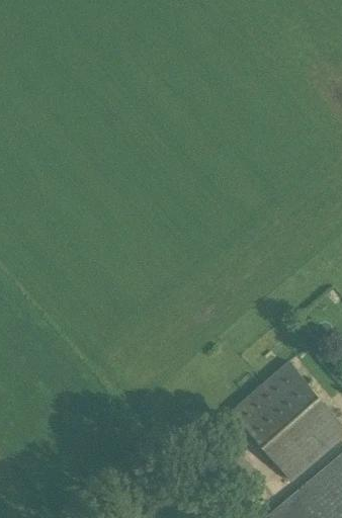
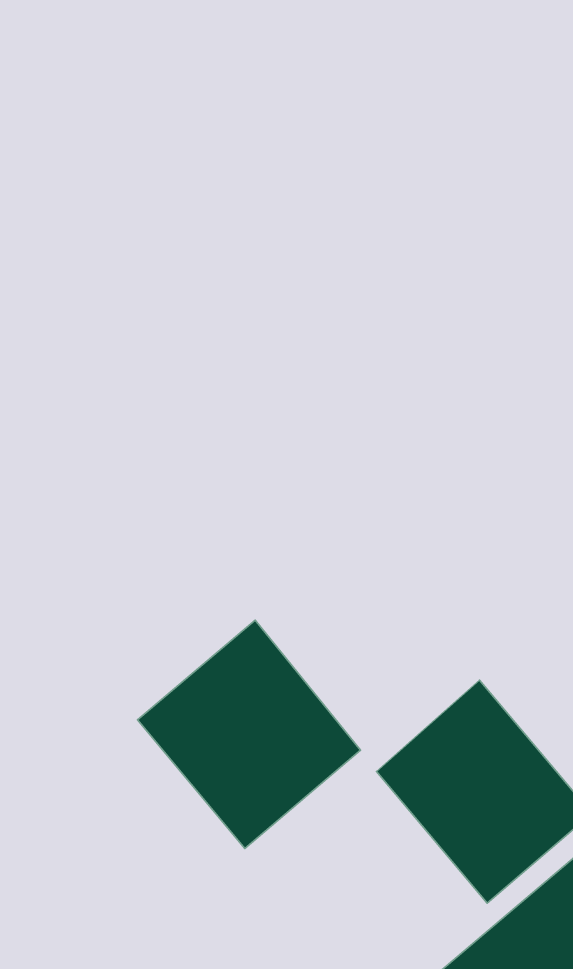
building: none -> [137,620,361,848]

